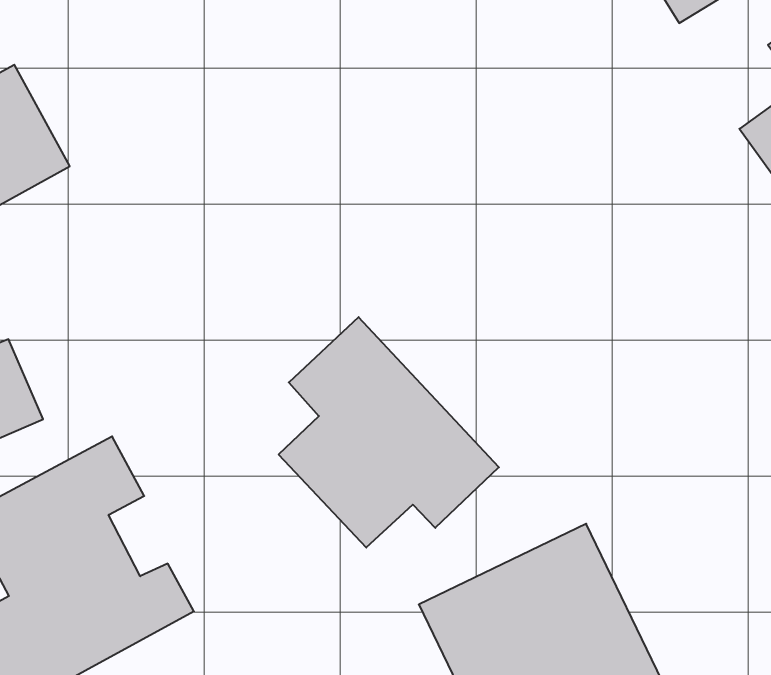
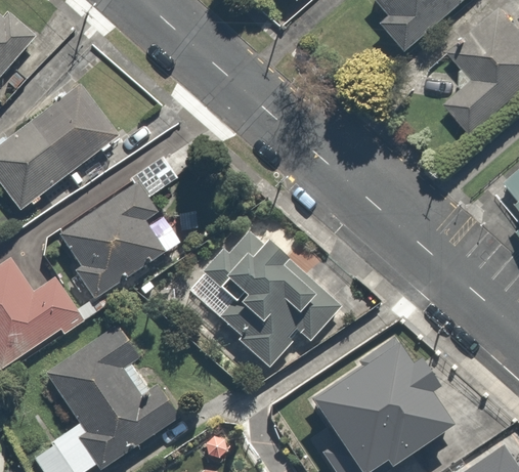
building: none -> [34,87,122,176]
building: none -> [59,175,164,294]

